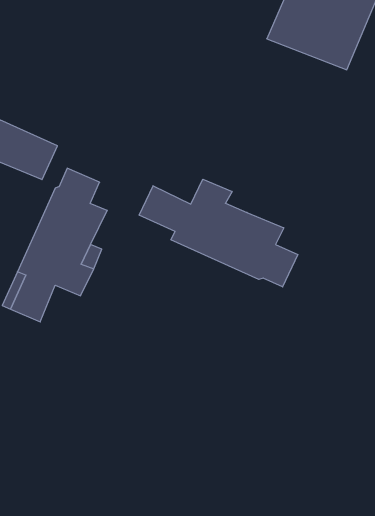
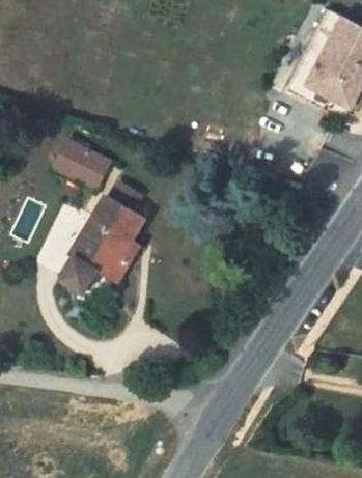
building: [139,179,298,287] -> none

